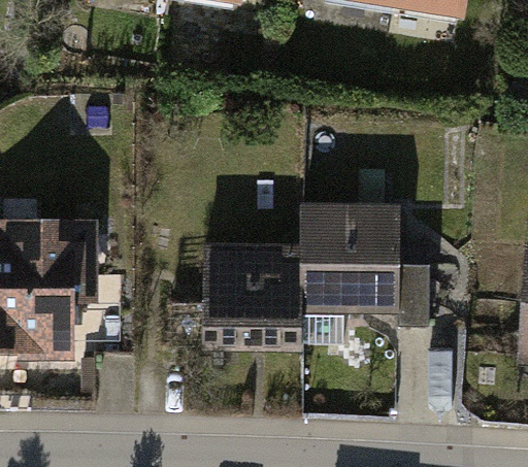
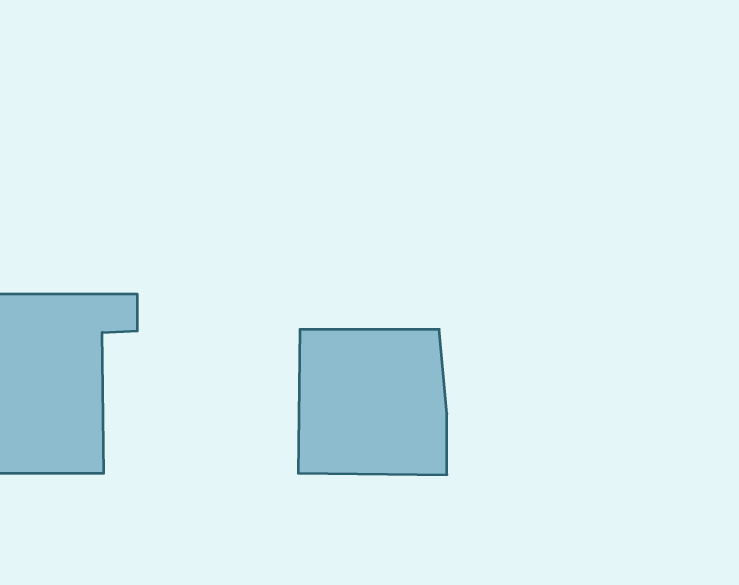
building: [300,206,430,321] -> none

